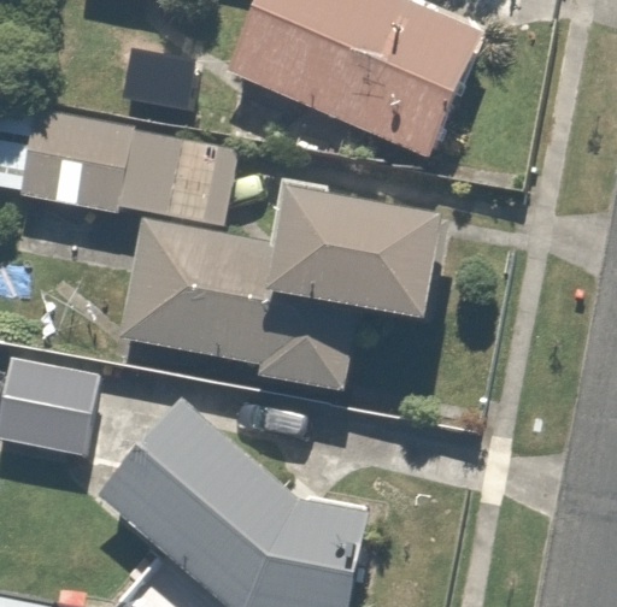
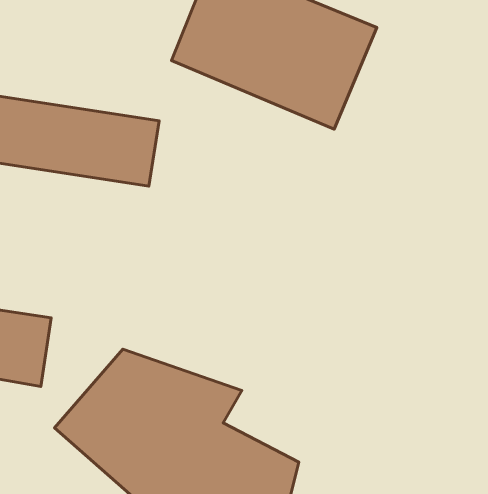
building: [269,181,440,319] -> none
building: [114,222,354,385] -> none

